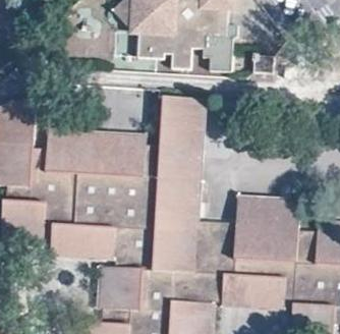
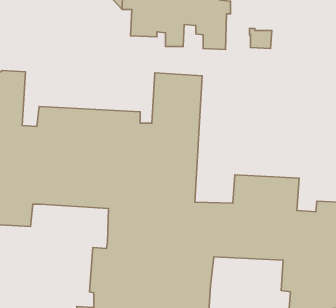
building: [49,222,117,259] -> none
building: [216,273,286,310] -> none

